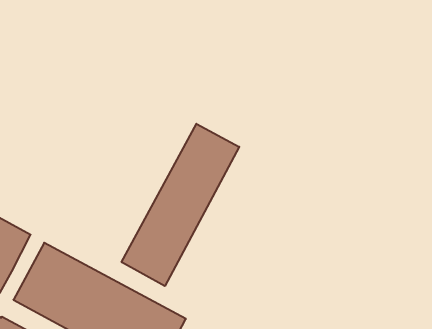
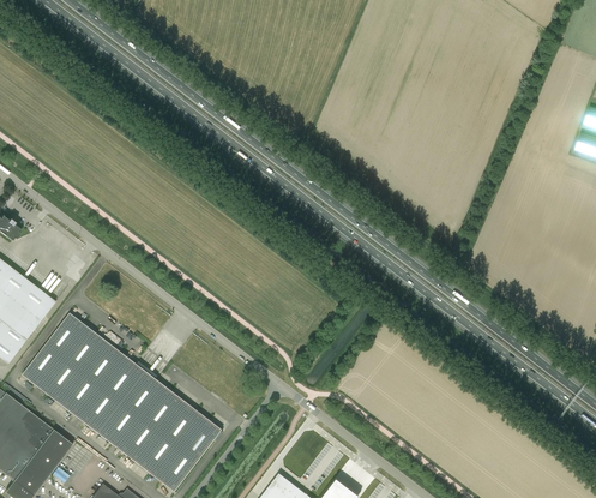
building: [122,124,239,286] -> none

